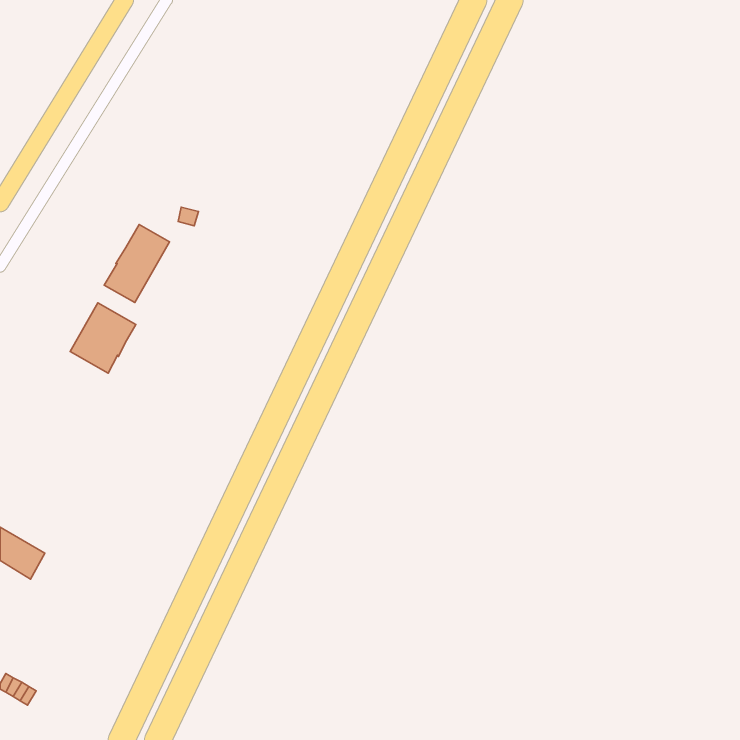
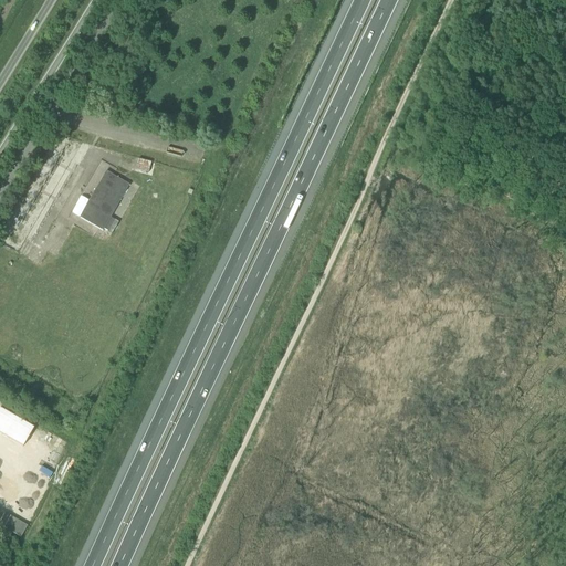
building: [70,303,136,373] -> none

